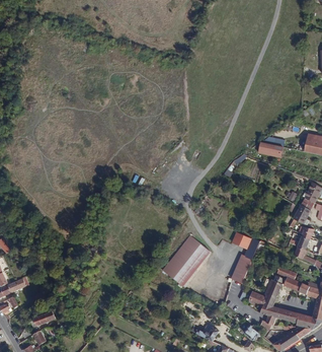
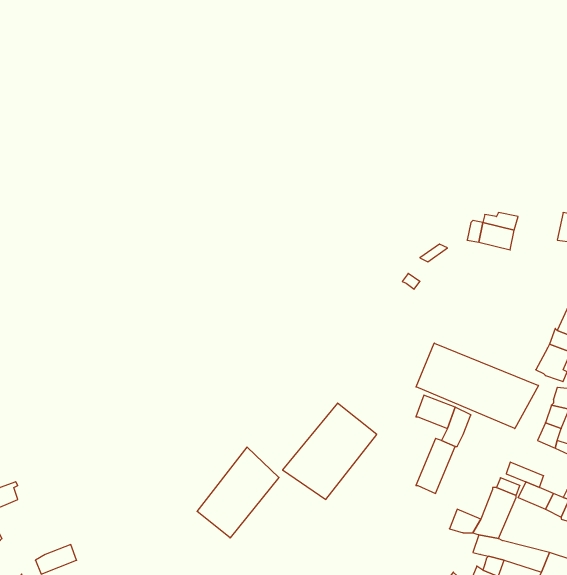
building: none -> [416,343,538,429]
building: none -> [197,447,279,538]

